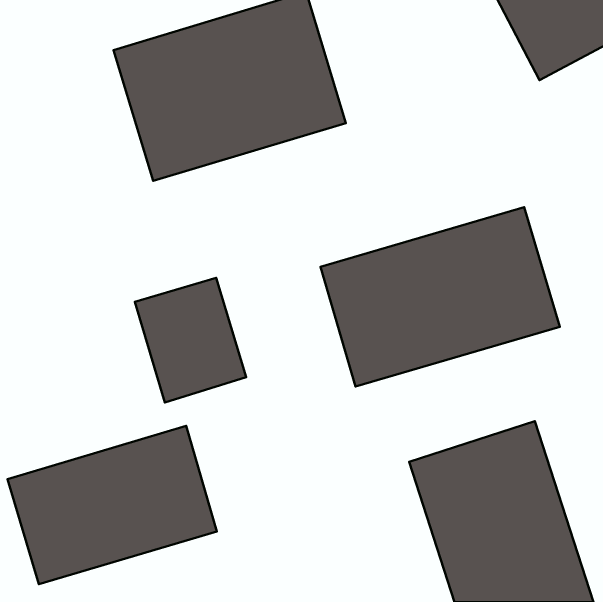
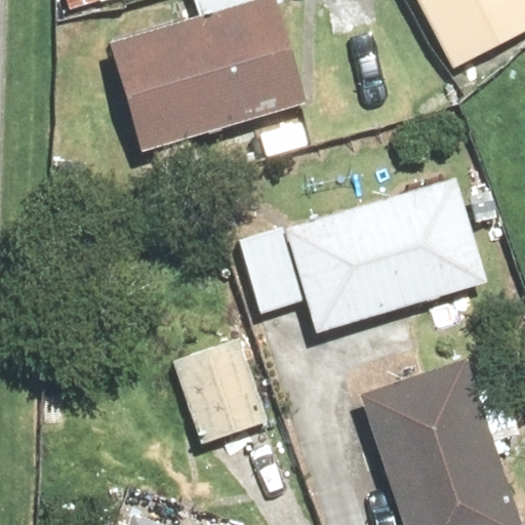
building: [135,278,246,402] -> [186,333,281,440]
building: [7,426,217,584] -> none

